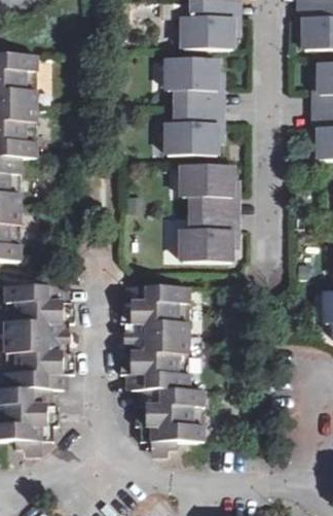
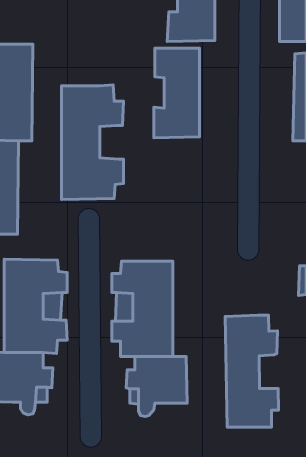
building: none -> [61,85,123,200]
building: [182,164,233,260] -> none
building: none -> [225,315,278,427]

